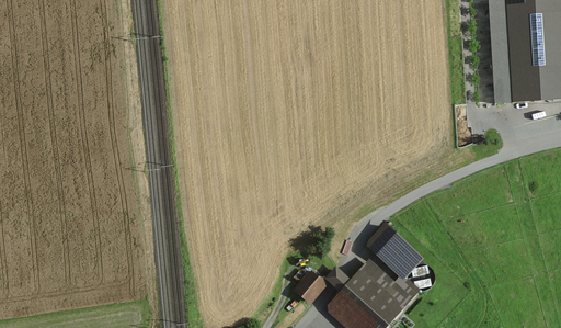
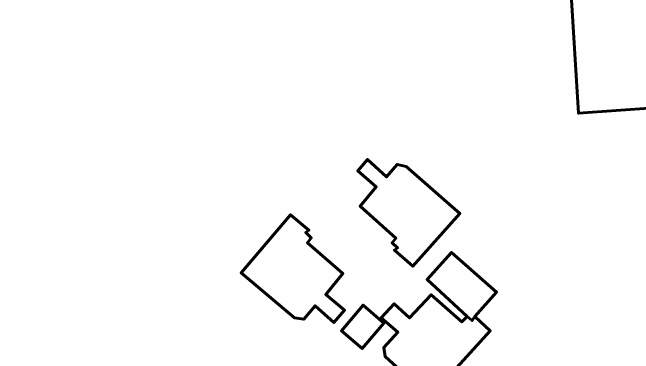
building: none -> [358,160,460,266]
building: none -> [241,215,344,322]

